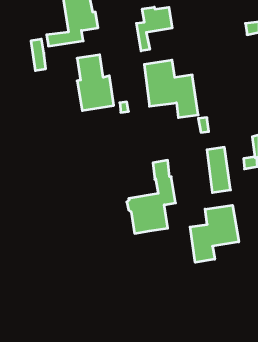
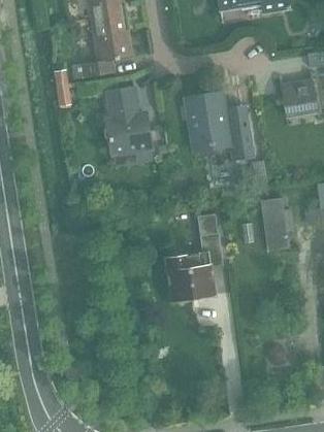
building: [136,7,172,51] -> none
building: none -> [281,80,317,119]
building: [190,205,239,262] -> none

